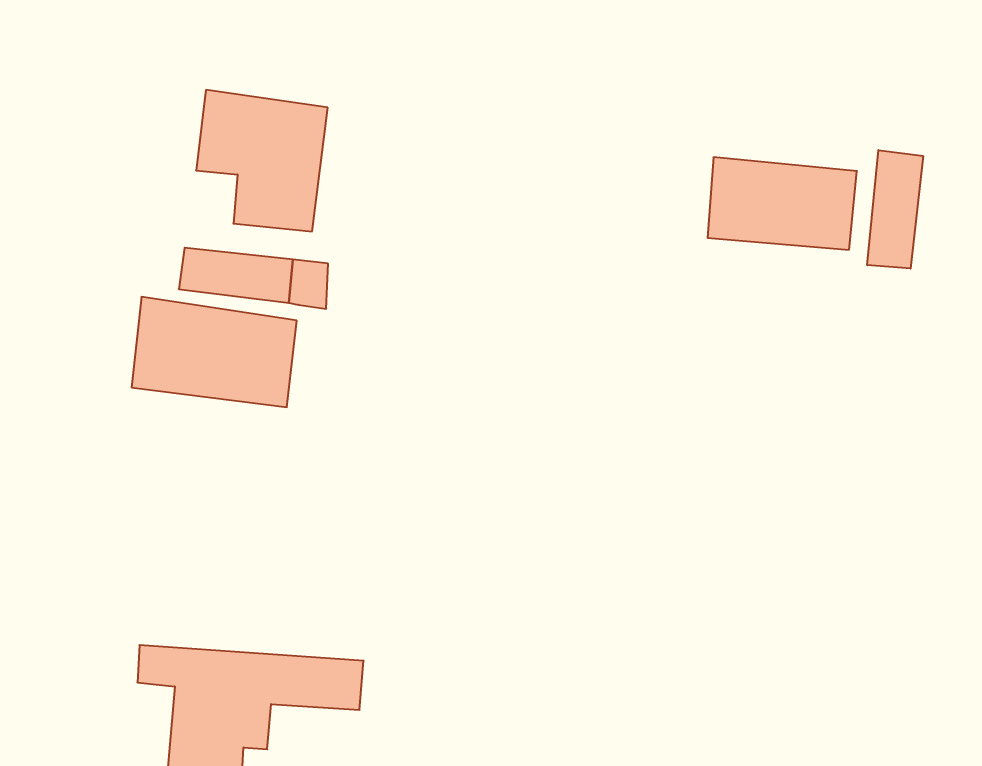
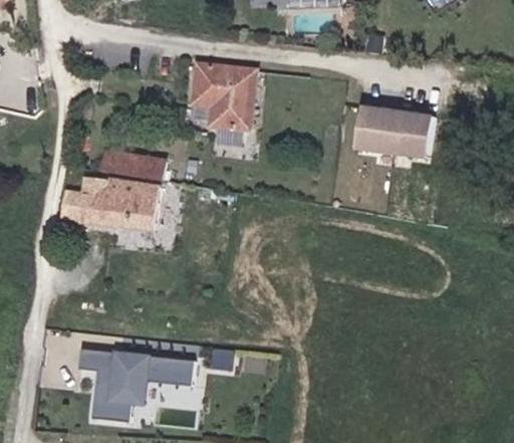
building: [196,90,328,231] -> [186,64,253,137]
building: [867,150,923,269] -> none

